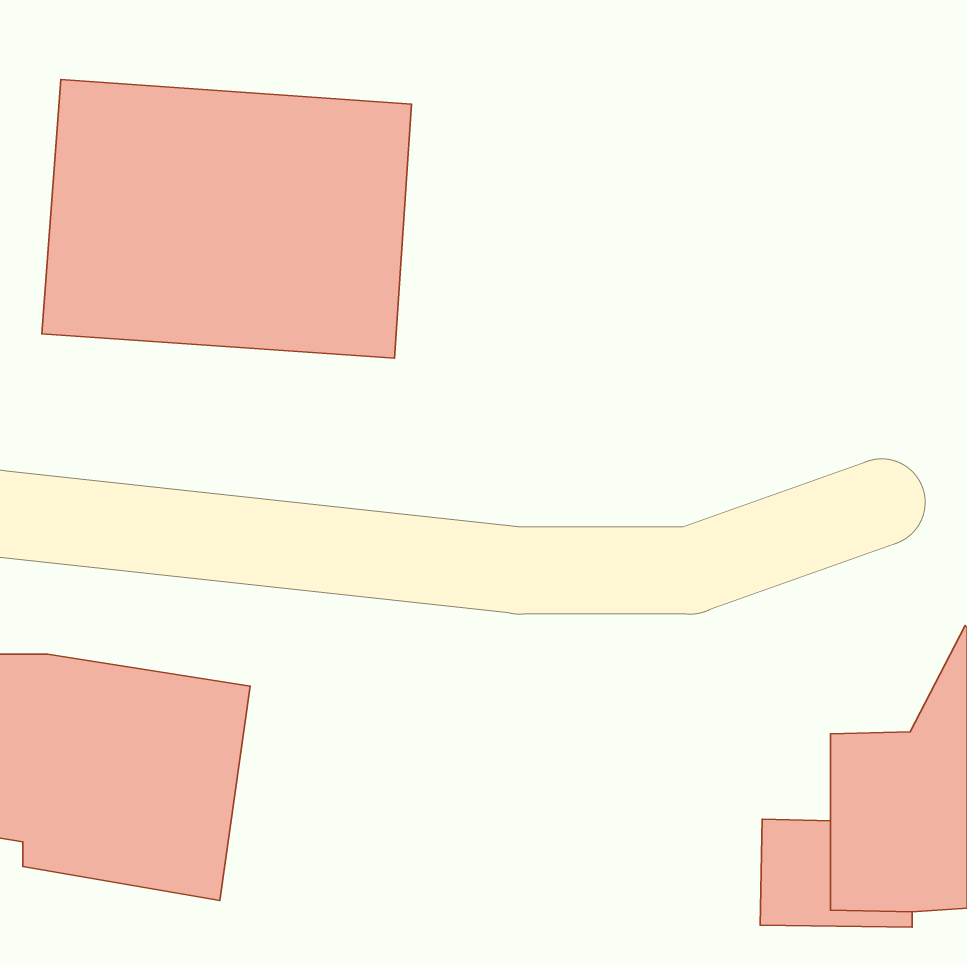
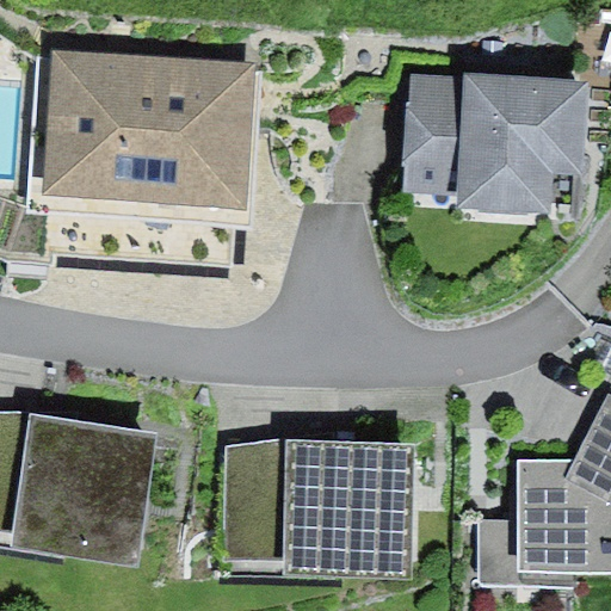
building: none -> [405,68,588,212]
building: none -> [222,438,414,578]

